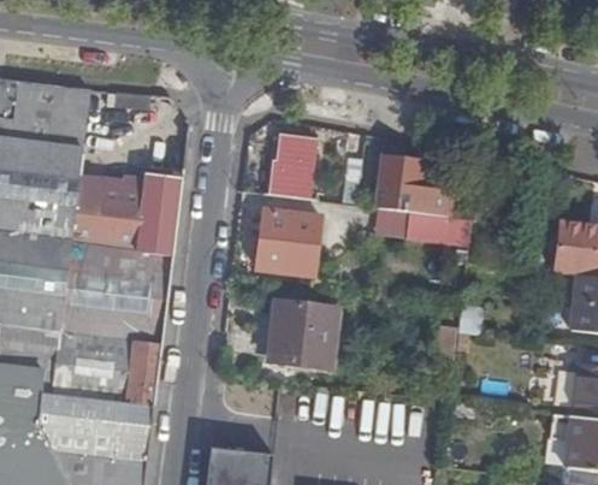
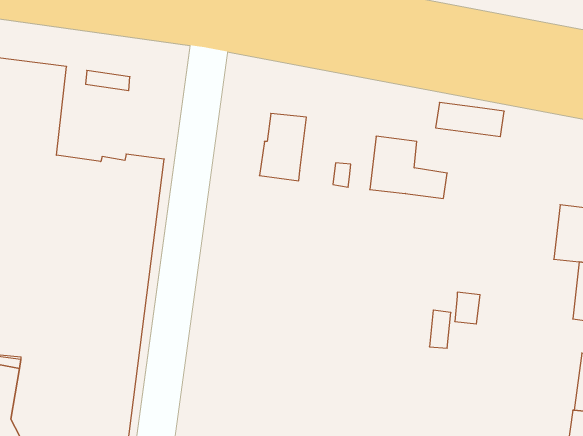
building: [256,211,321,276] -> none
building: [407,211,472,243] -> [436,102,504,137]
building: [268,301,337,367] -> none

